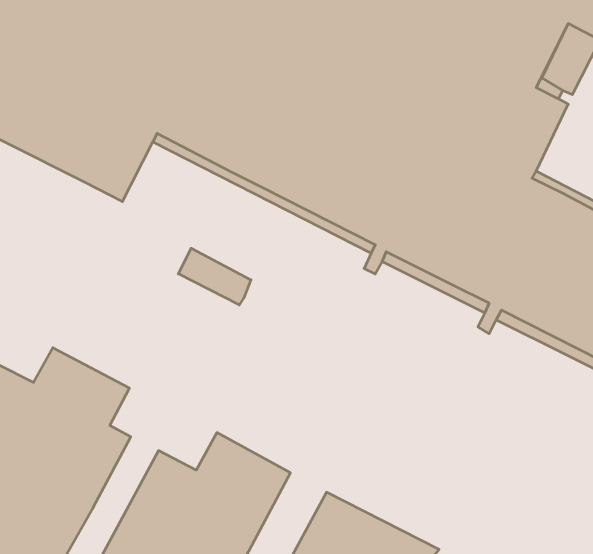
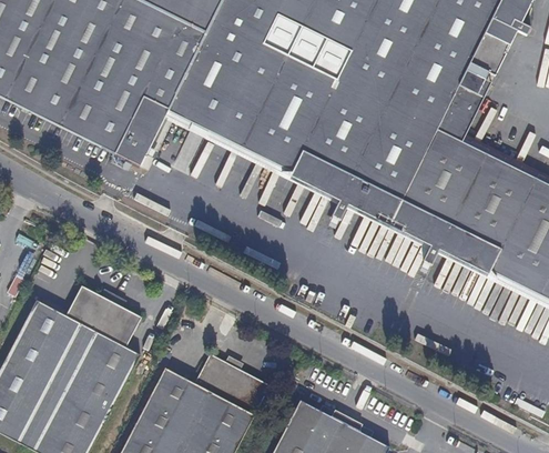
building: [178,248,251,305] -> none

